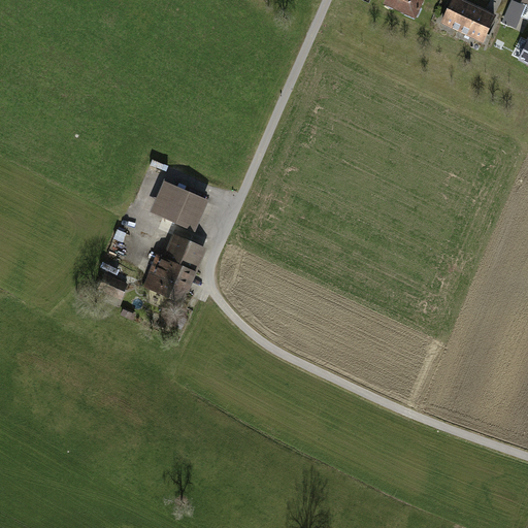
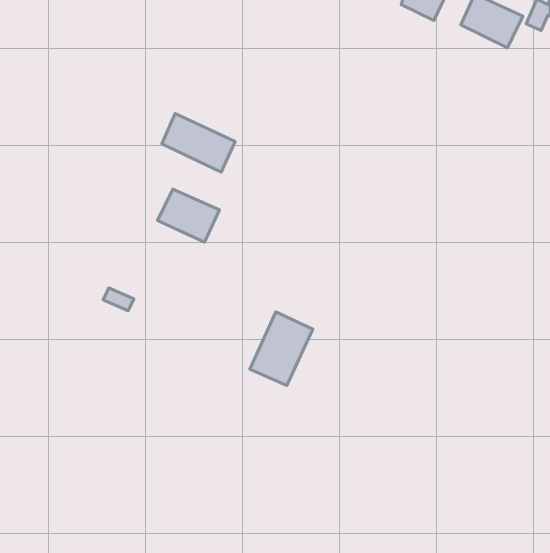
building: none -> [162,114,235,172]
building: [147,231,207,301] -> [250,312,313,386]

